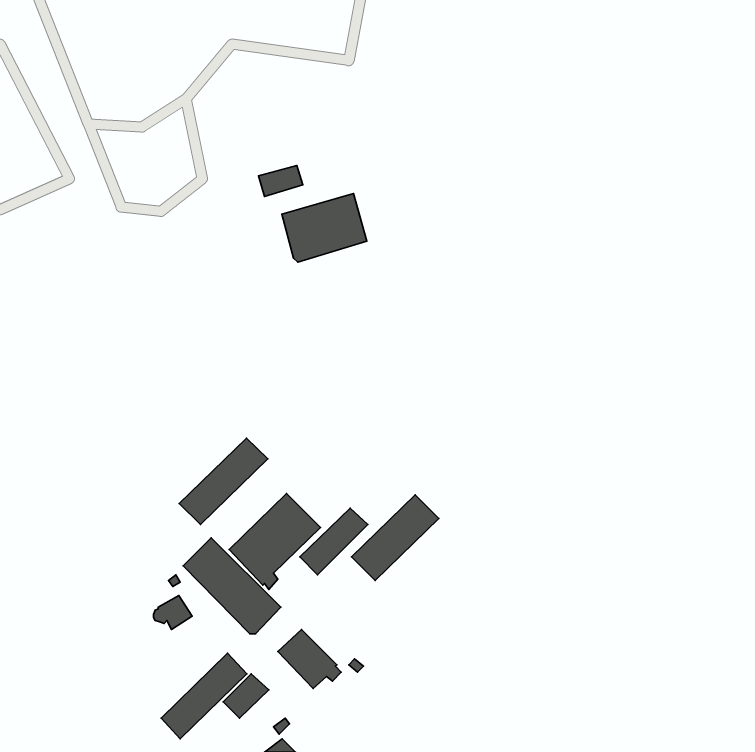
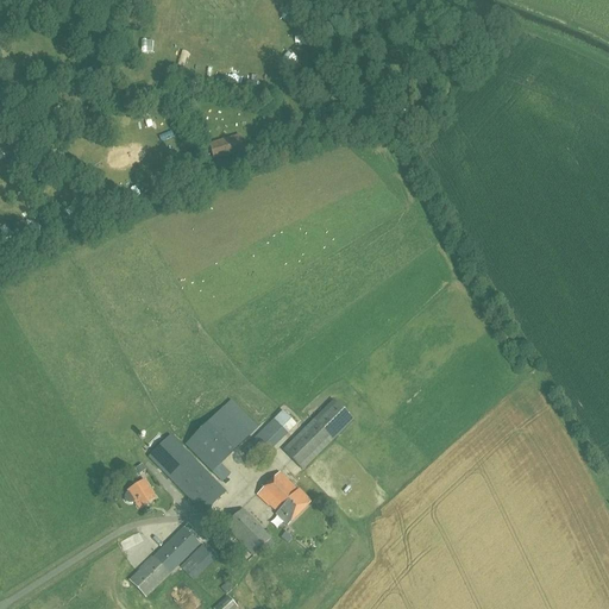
building: [282,194,367,262] -> none
building: [179,438,268,524] -> none
building: none -> [257,471,310,525]

